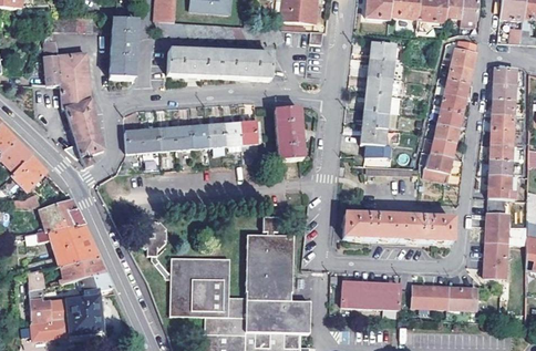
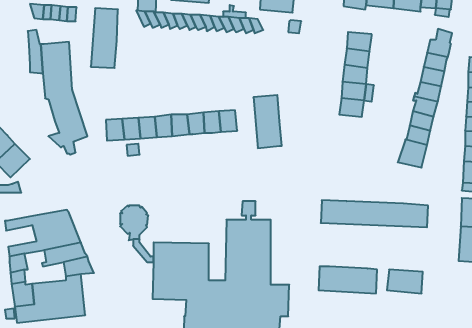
building: [167,50,272,80] -> none
building: [360,126,390,157] -> none
building: [41,198,84,230] -> none
building: [446,287,476,310] -> none

